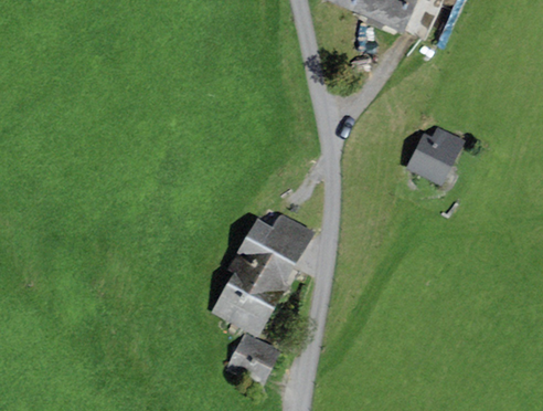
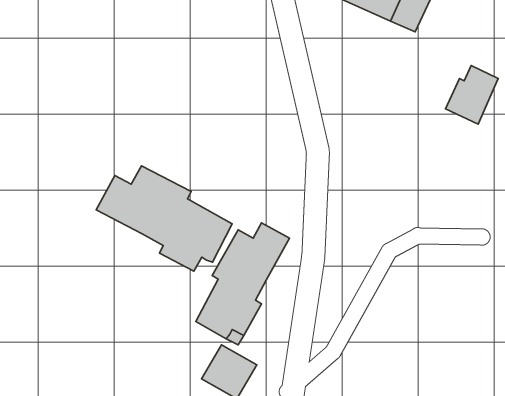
building: [407,124,457,179] -> [445,66,498,124]
building: none -> [96,166,232,271]

